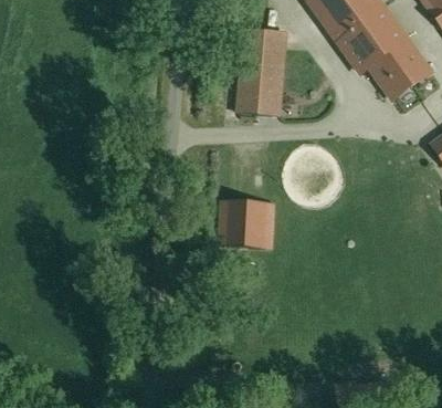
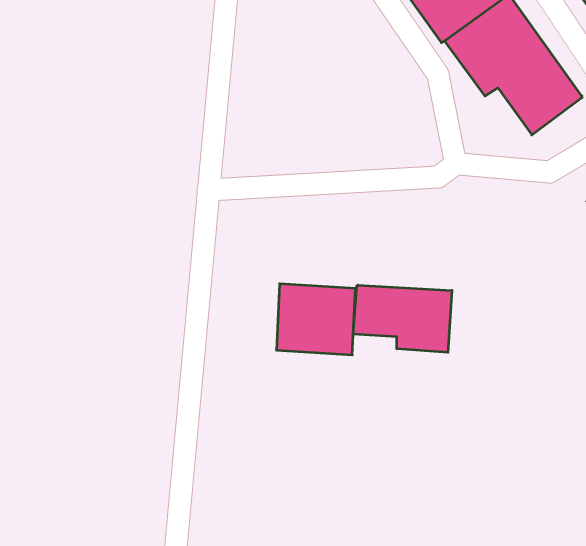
building: [227,28,285,115] -> none
building: none -> [353,285,452,352]

